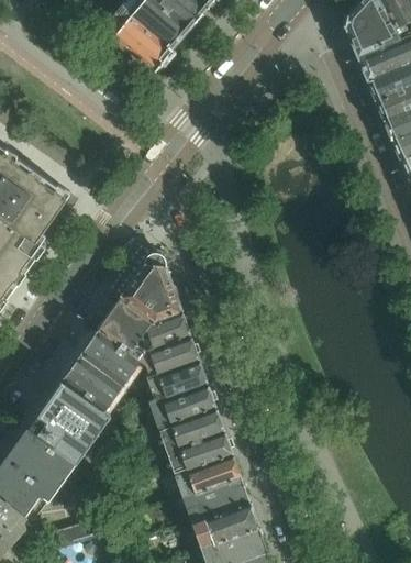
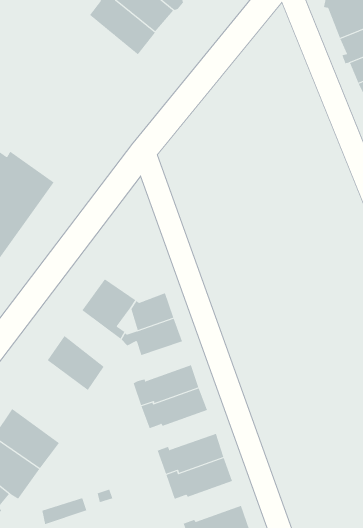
building: [121,252,182,321] -> none
building: [80,329,144,388] -> none
building: [146,361,209,400] -> none
building: [27,379,110,463] -> none
building: [166,430,234,471] -> none
building: [191,501,259,544] -> none

